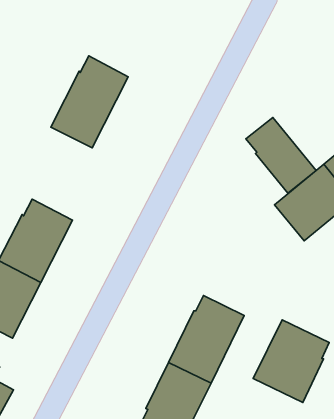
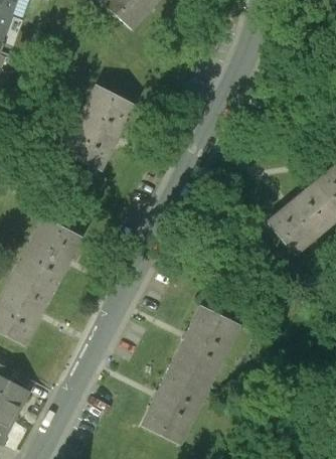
building: [246,117,316,193] -> none
building: [253,320,329,403] -> none

